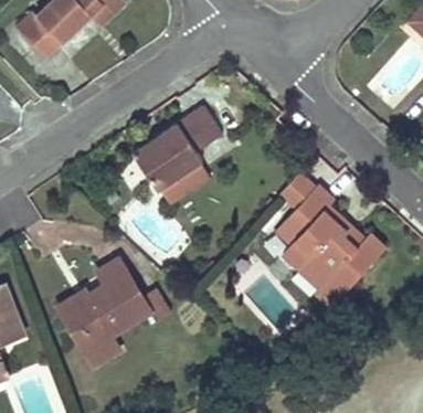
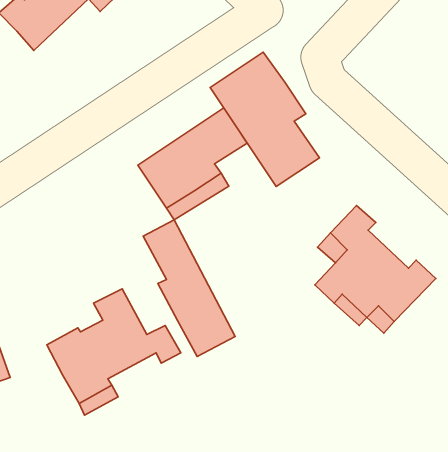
building: none -> [210,52,320,187]
building: none -> [143,220,235,356]

